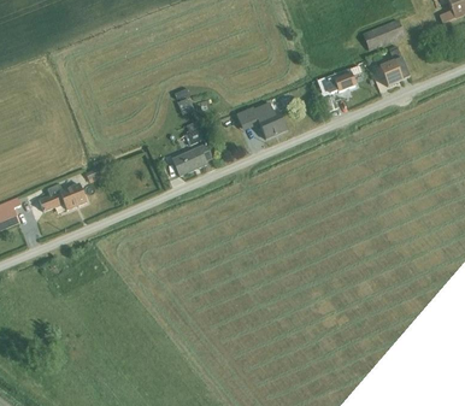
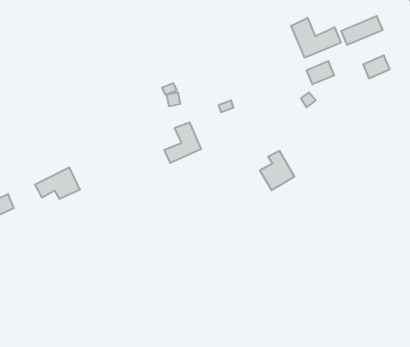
building: none -> [291,18,341,58]
building: [248,100,284,141] -> [260,151,295,190]

